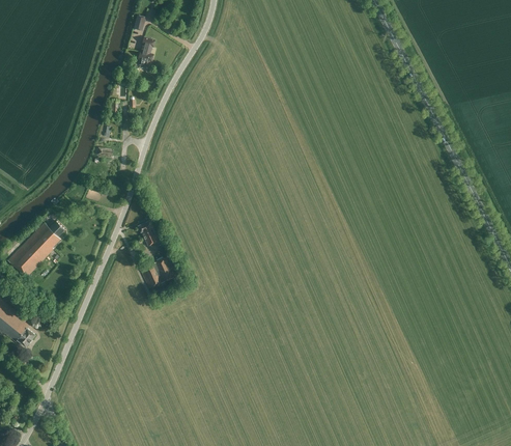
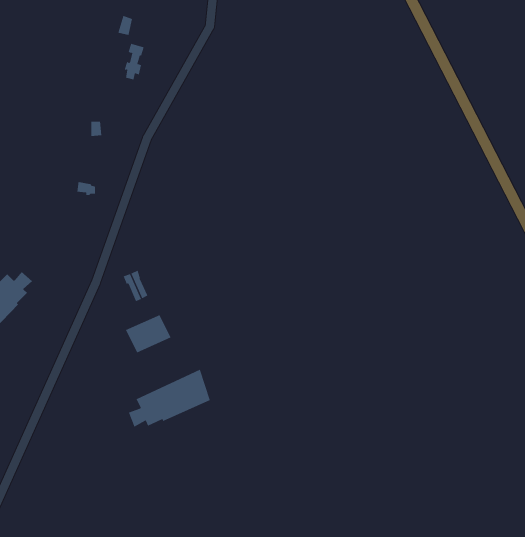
building: none -> [128,369,211,428]

